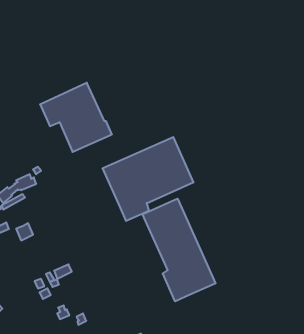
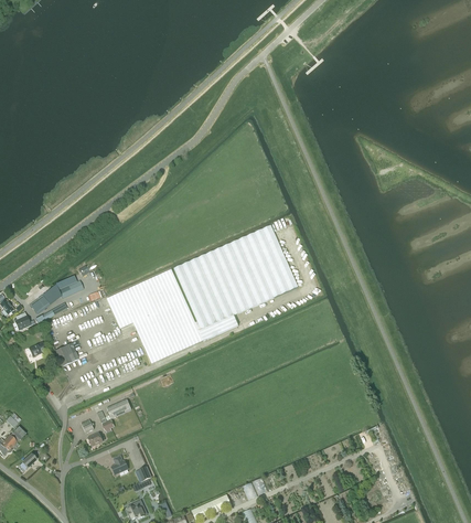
building: [40,83,112,152] -> [107,268,205,363]
building: [143,199,216,301] -> none

